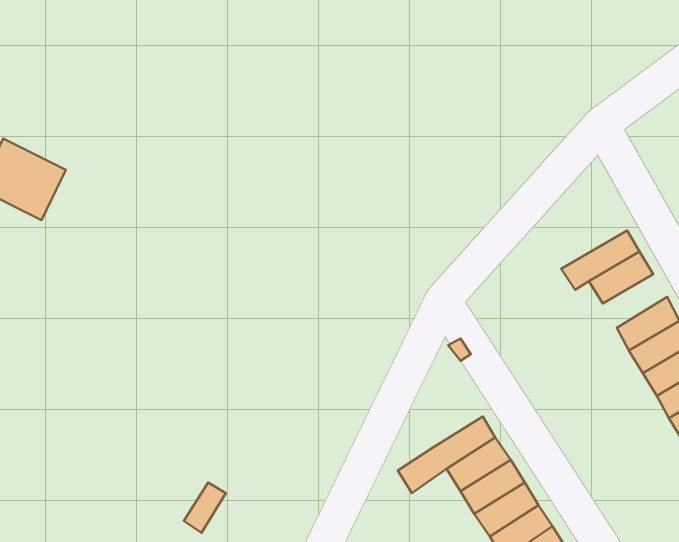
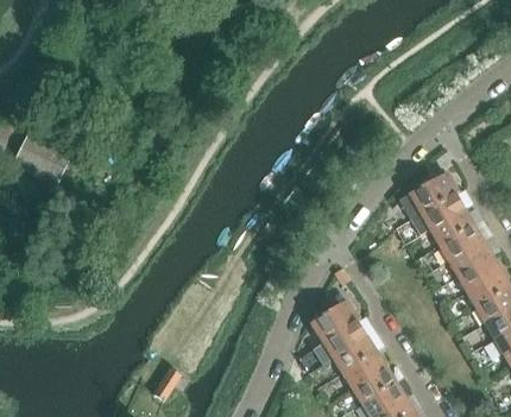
building: none -> [399,171,459,220]
building: none -> [440,223,484,260]
building: none -> [311,299,360,342]

